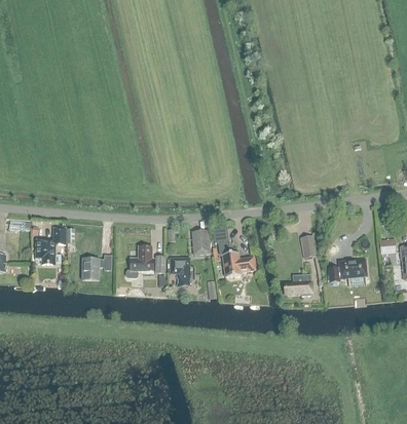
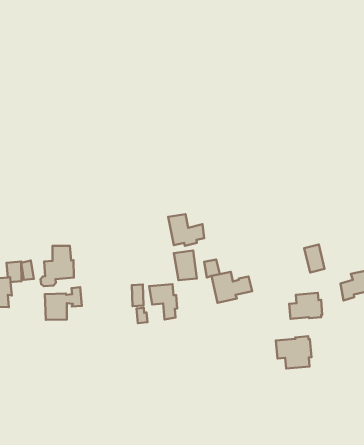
building: none -> [168,214,204,246]
building: [124,245,153,278] -> [41,246,74,286]
building: none -> [276,336,311,368]

